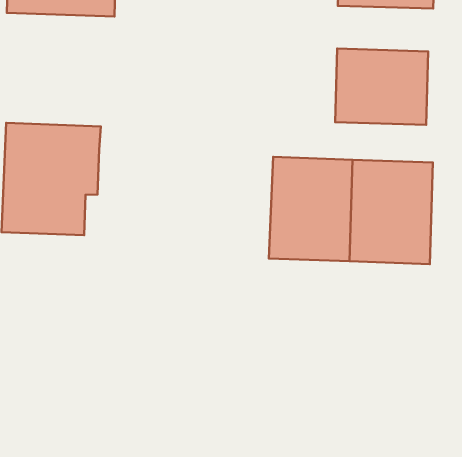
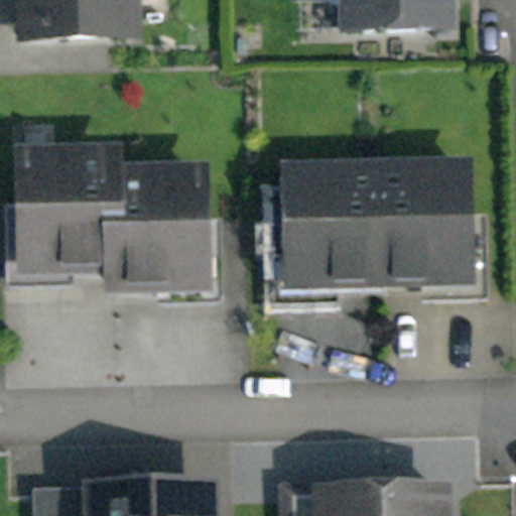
building: [335,49,428,125] -> none
building: none -> [99,175,188,288]

